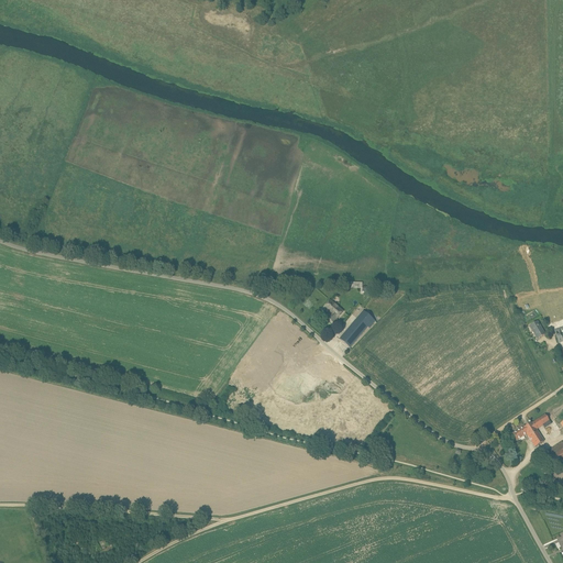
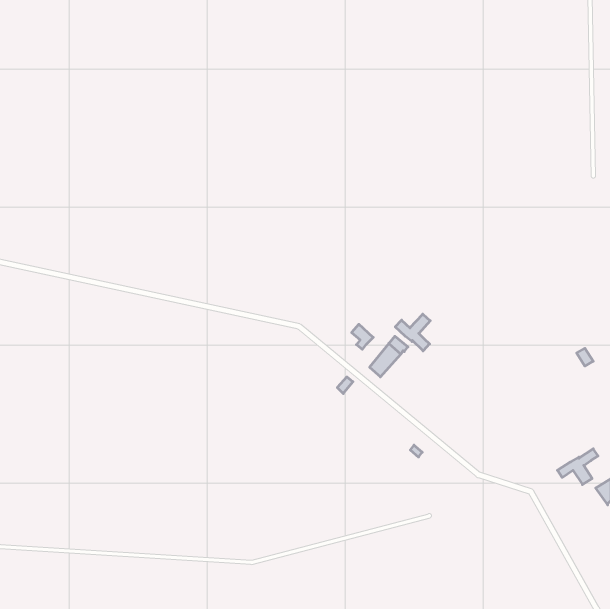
building: none -> [395,314,430,351]

